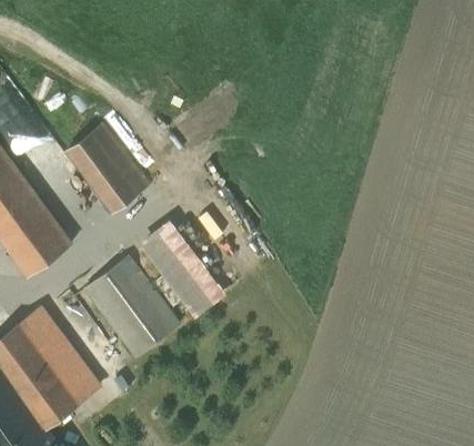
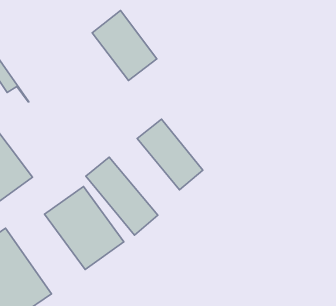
building: [71,120,154,210] -> [92,10,157,81]
building: none -> [137,119,203,190]

